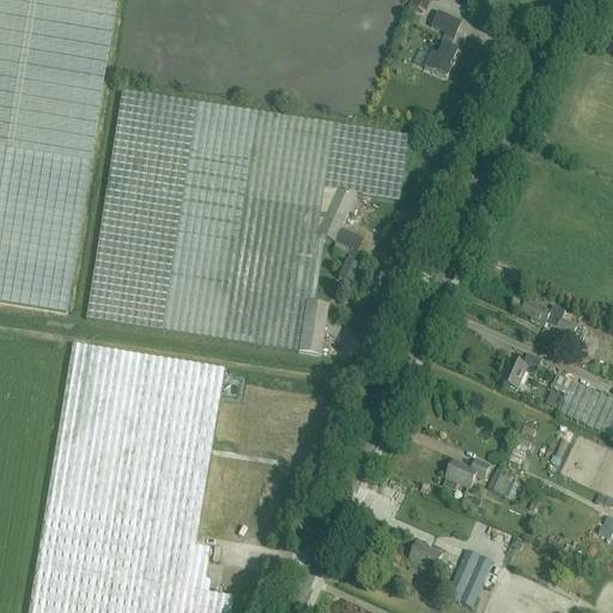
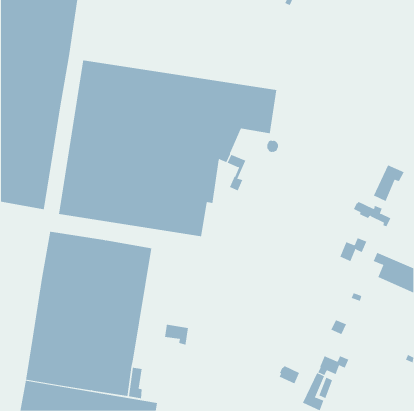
building: [425,8,462,75] -> none
building: none -> [373,165,405,202]
building: [298,299,328,353] -> none
building: [444,457,491,487] -> [318,355,349,376]
building: none -> [164,324,189,345]

